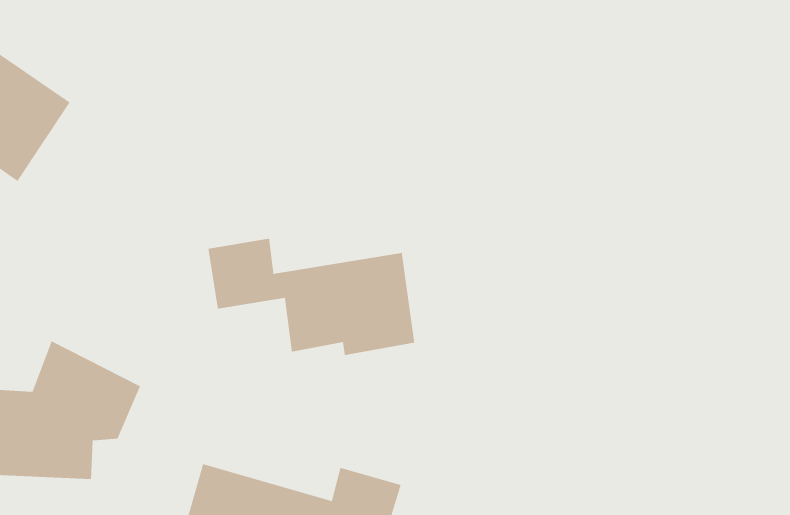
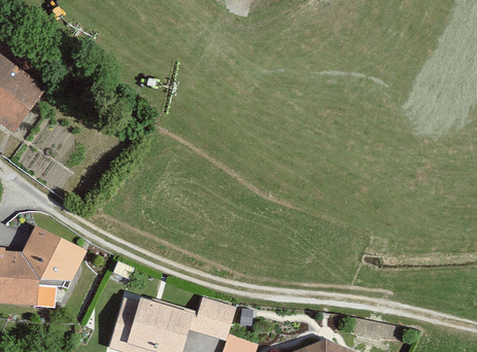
building: [208,238,415,356] -> none

